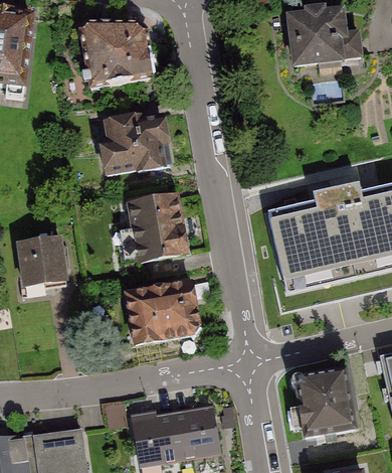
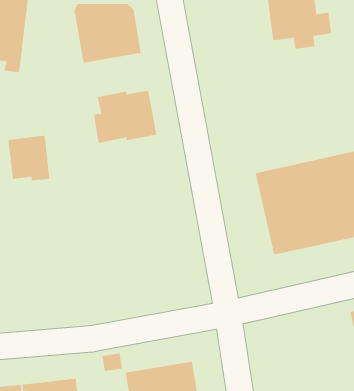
building: [129,195,185,260] -> none
building: [20,234,66,284] -> [7,135,50,181]
building: [126,280,198,343] -> none
building: [290,368,354,435] -> none

